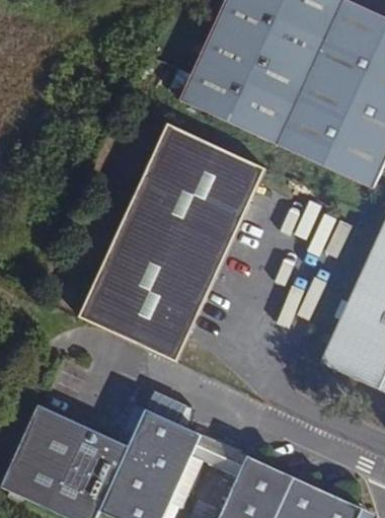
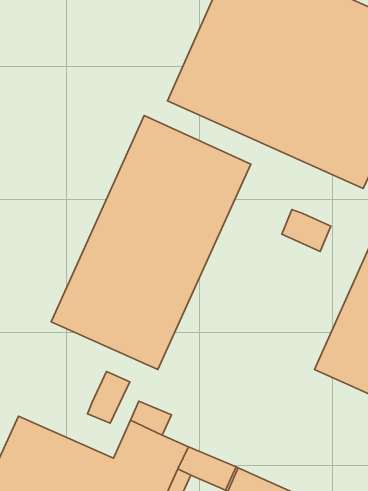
building: none -> [282,210,331,252]
building: none -> [88,372,130,423]

